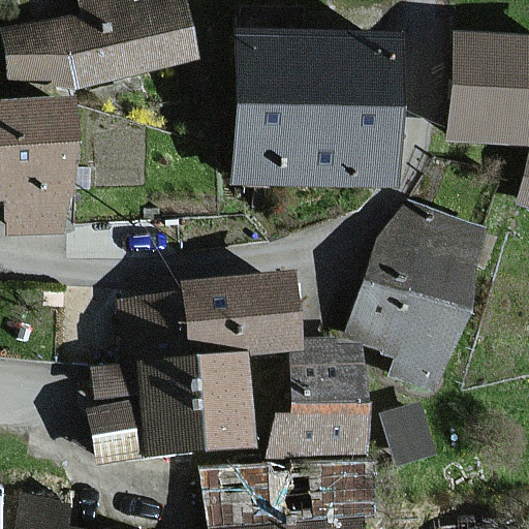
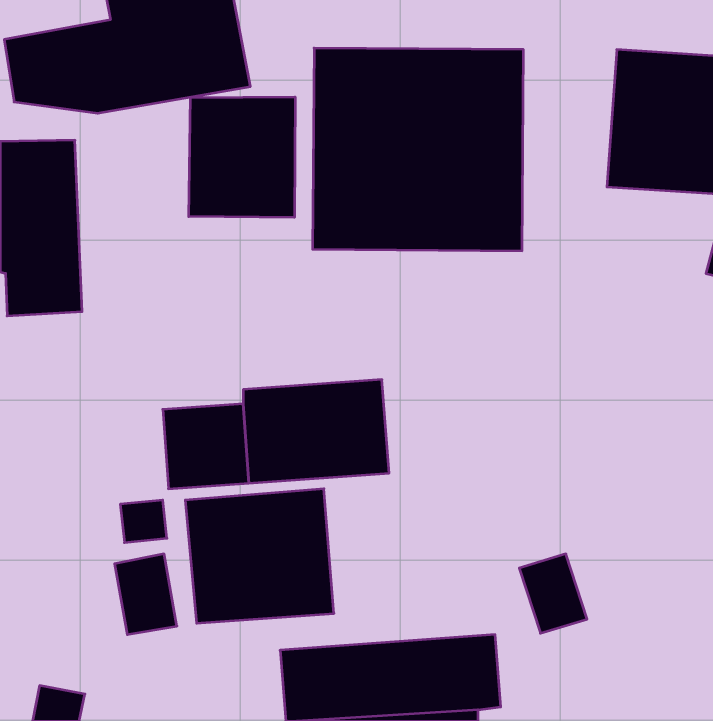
building: none -> [189,97,295,217]
building: [350,203,487,385] -> none
building: [279,340,361,455] -> none

